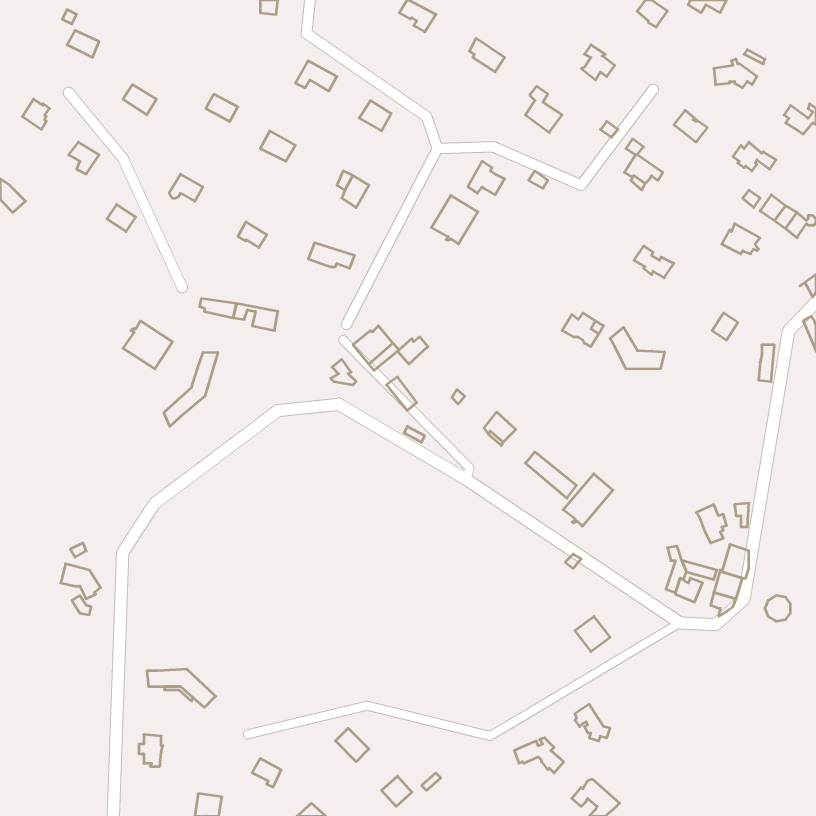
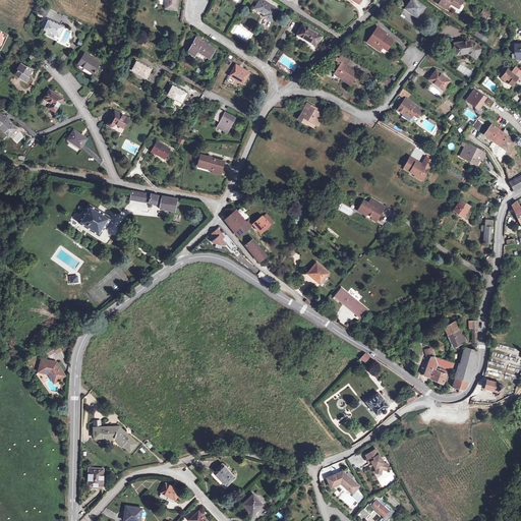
building: [431,195,478,244] -> none
building: [610,327,664,369] -> none
building: [164,352,218,426] -> none
building: [563,474,613,526] -> none

